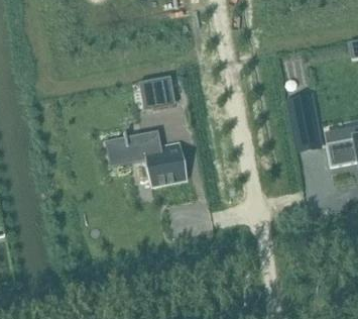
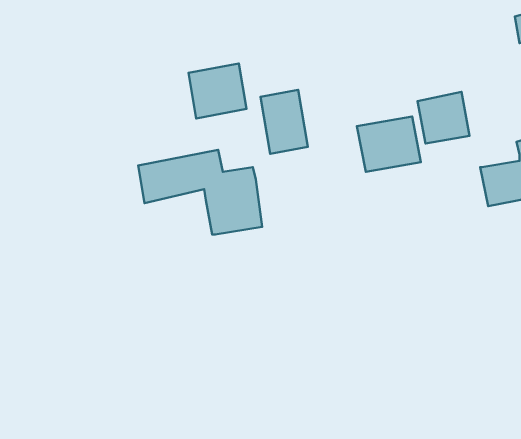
building: none -> [261,90,308,154]
building: none -> [357,116,421,172]

